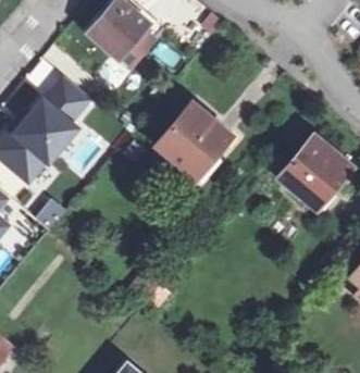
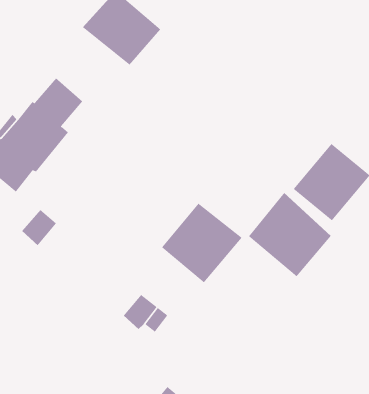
building: [158,105,232,178] -> [161,203,242,283]
building: none -> [248,192,332,277]

